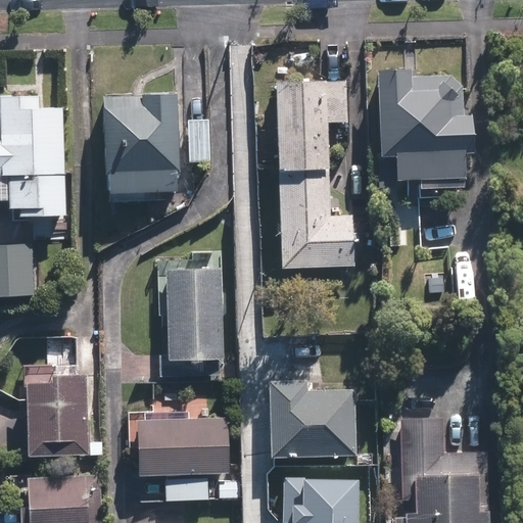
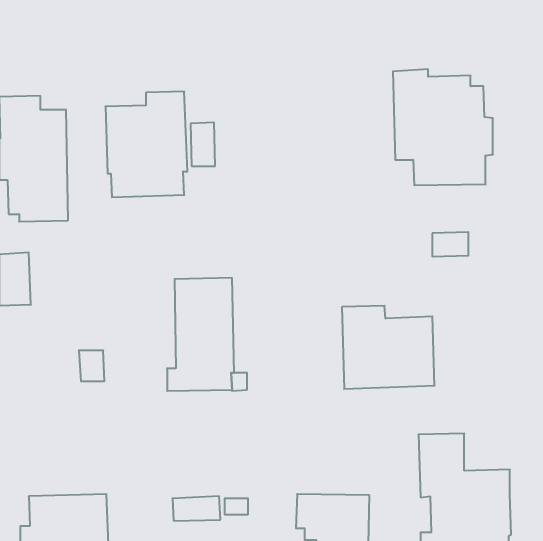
building: [274,79,352,268] -> none
building: [27,376,90,458] -> none
building: [269,380,358,460] -> [342,306,435,389]
building: [137,419,232,477] -> none

